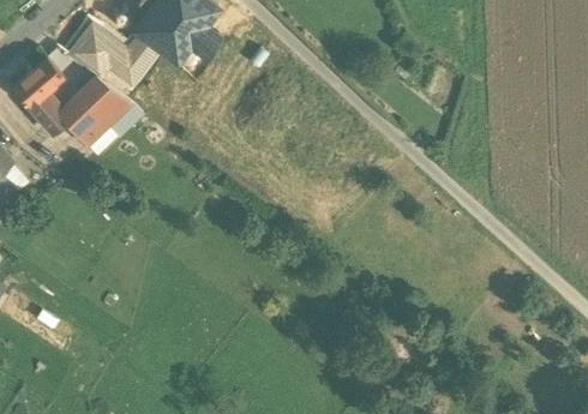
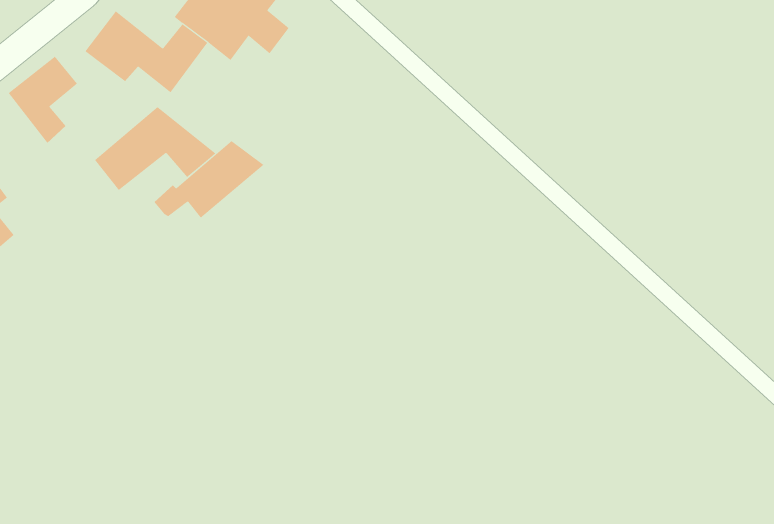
building: [40,76,121,133] -> [153,141,264,219]

